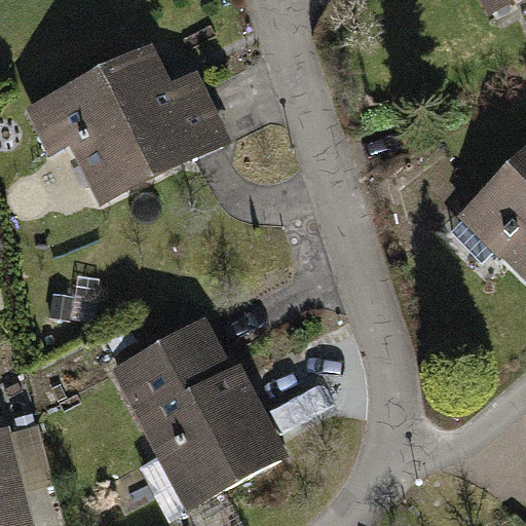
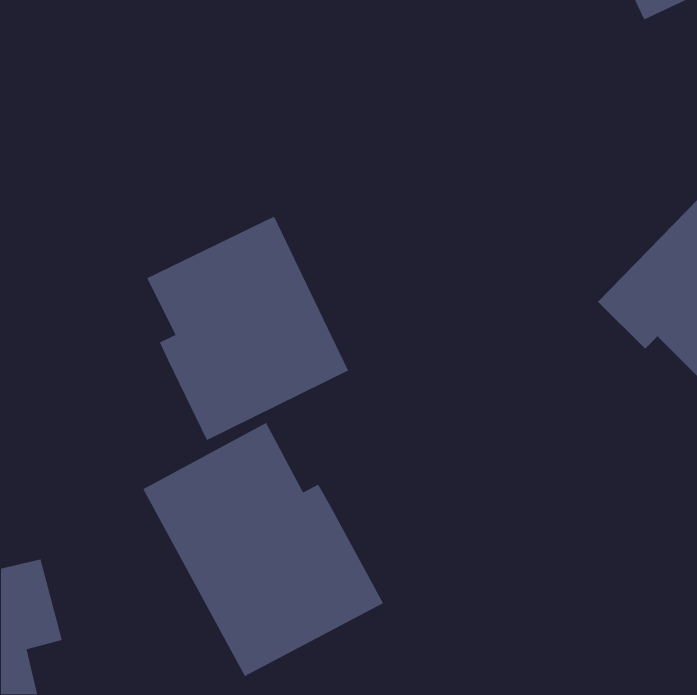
building: [26,44,230,203] -> none
building: none -> [146,216,349,441]

